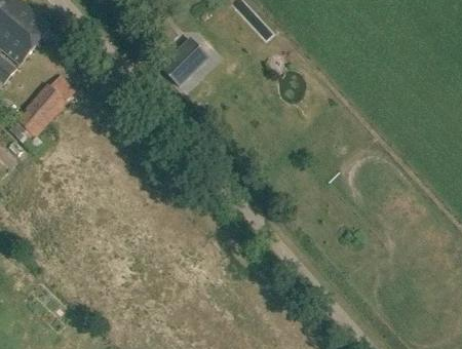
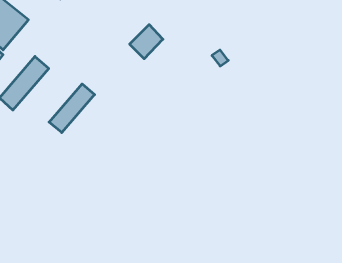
building: none -> [49,84,95,133]

